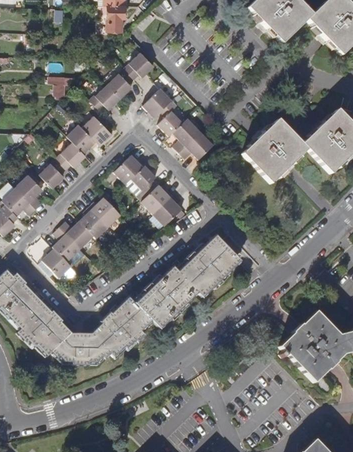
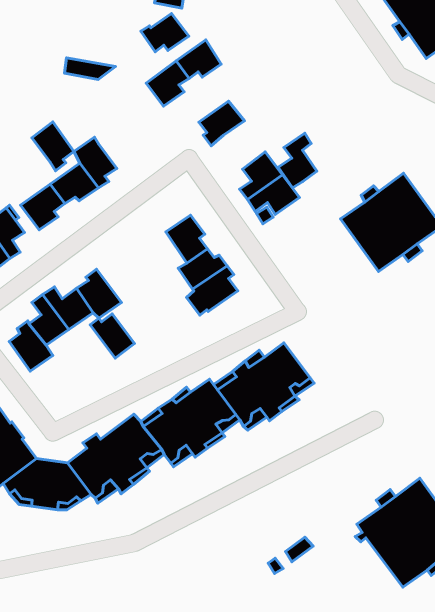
building: [89,84,120,110] -> [141,13,189,52]
building: [159,99,184,135] -> [278,133,317,188]
building: [82,115,110,146] -> [32,122,74,171]
building: [116,154,147,183] -> none
building: [92,198,122,226] -> [90,314,134,358]

